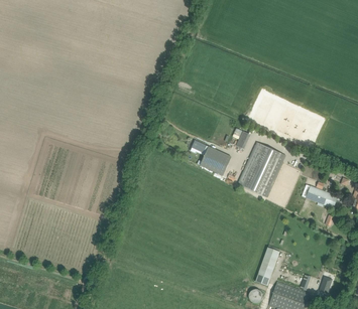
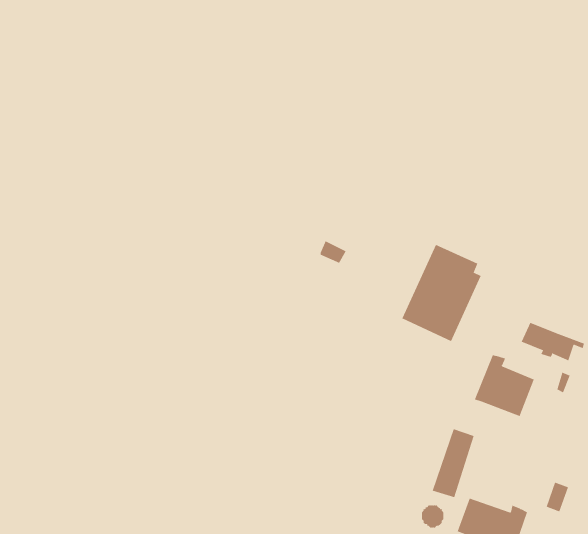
building: [199,146,230,174] -> none
building: none -> [474,354,534,417]

